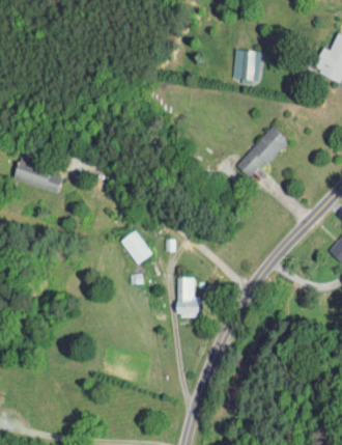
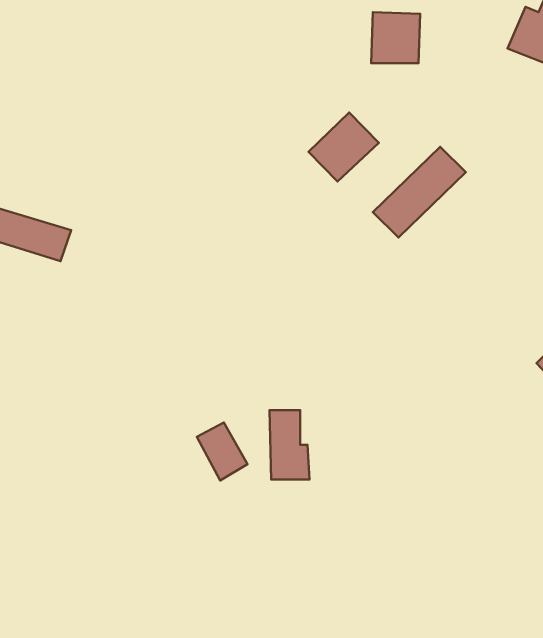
building: none -> [309,112,379,181]
building: [122,230,151,263] -> [197,422,248,481]

